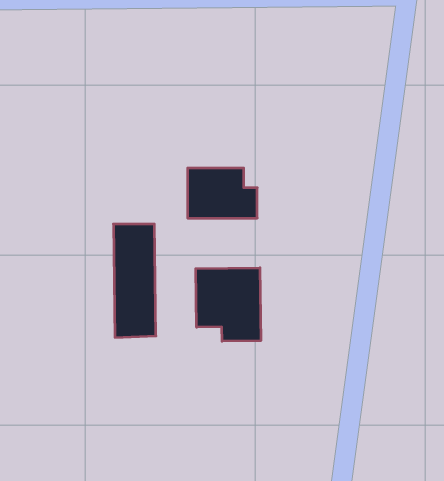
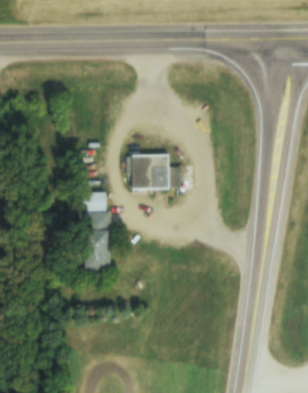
building: [196,268,261,341] -> none

